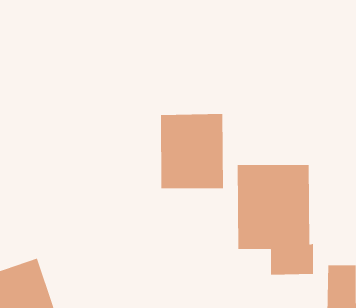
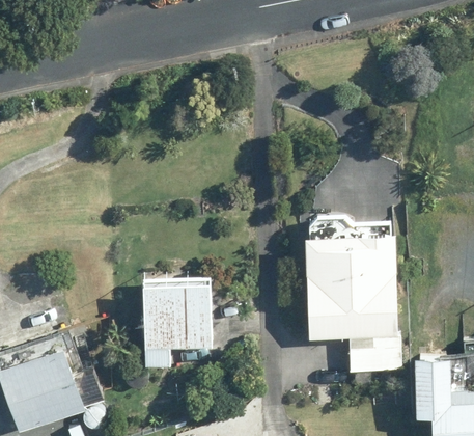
building: [160,113,224,189] -> none
building: none -> [143,282,214,363]

